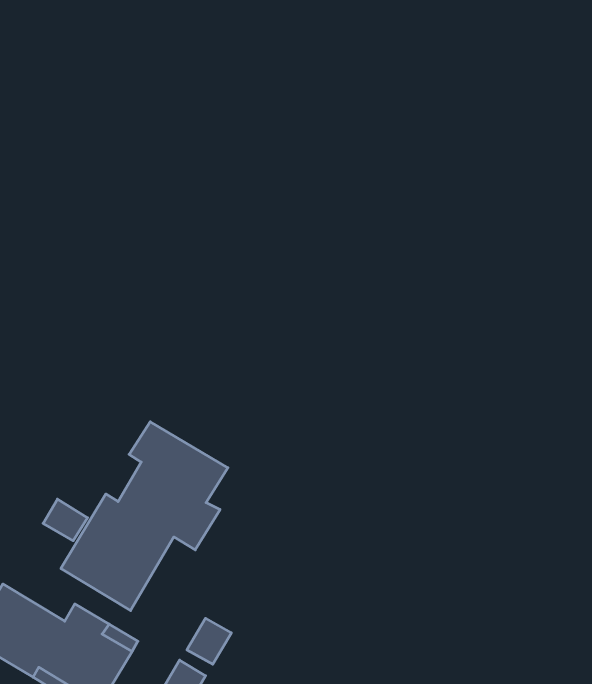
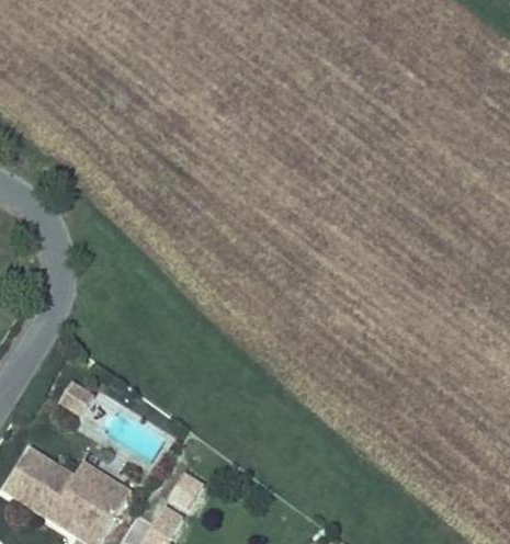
building: [61,422,228,611] -> none

